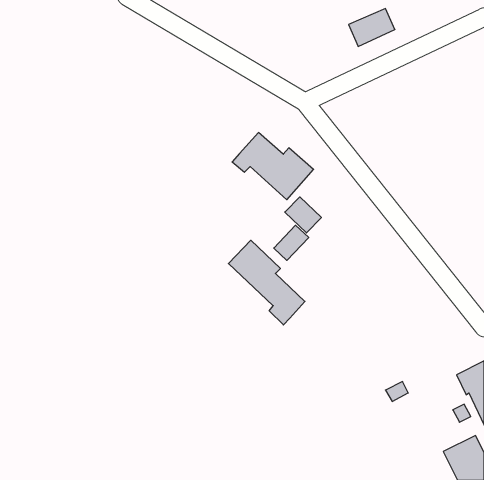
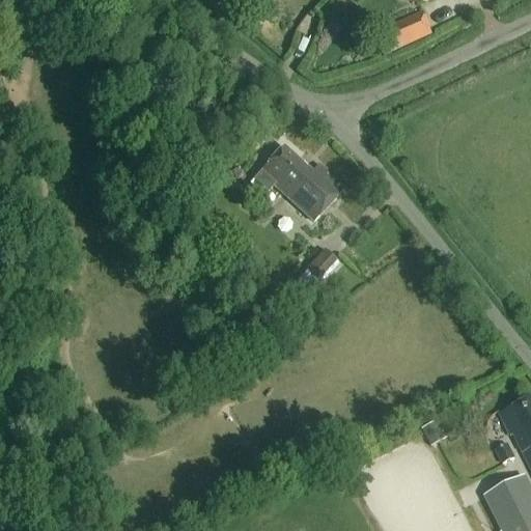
building: [285,197,321,233] -> none
building: [228,240,305,325] -> none

